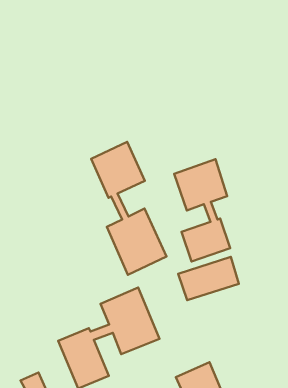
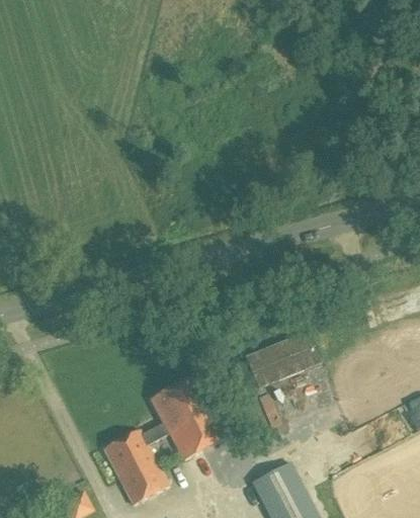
building: [91,142,166,275] -> none
building: [174,159,230,261] -> none

